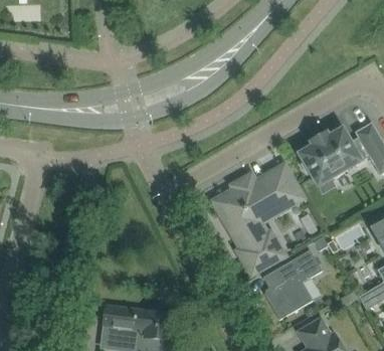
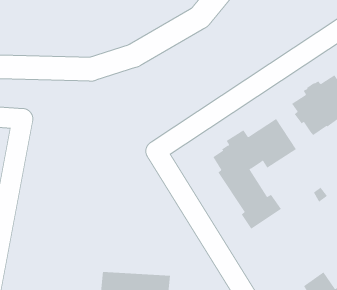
building: [262,249,323,320] -> none

